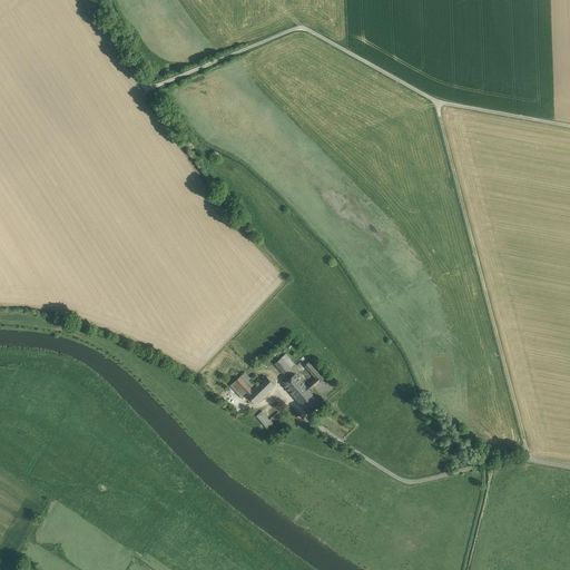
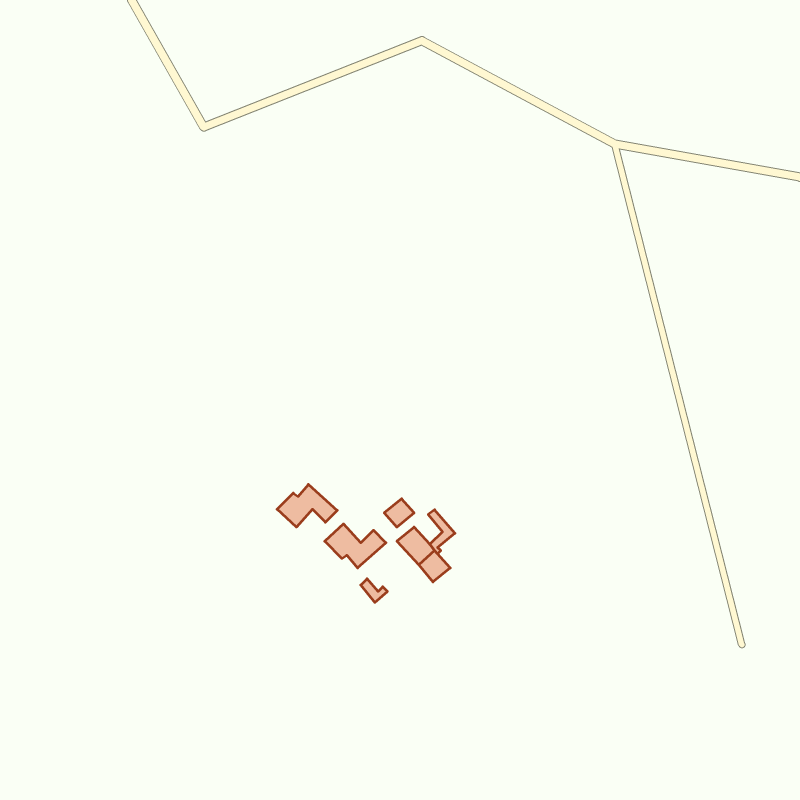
building: none -> [277,484,337,527]

